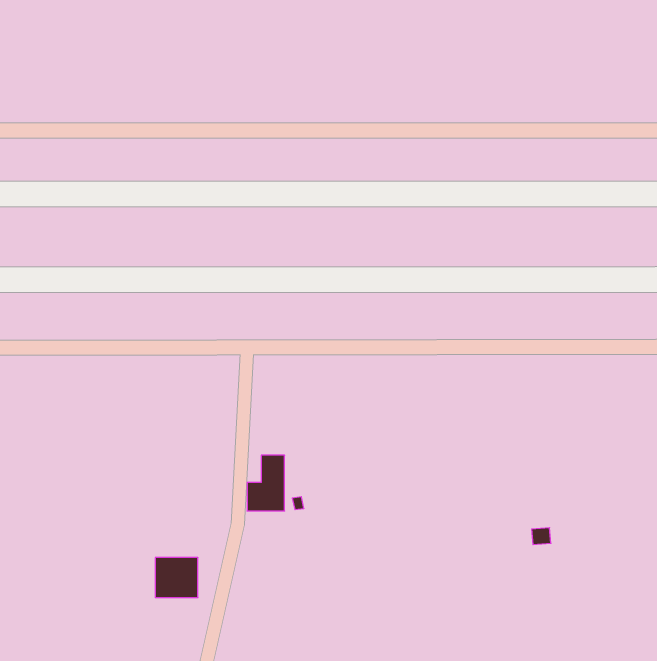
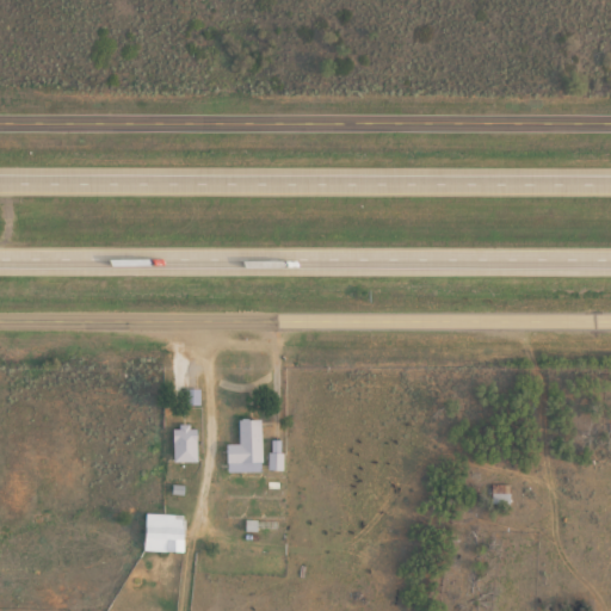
building: none -> [173,425,199,462]

